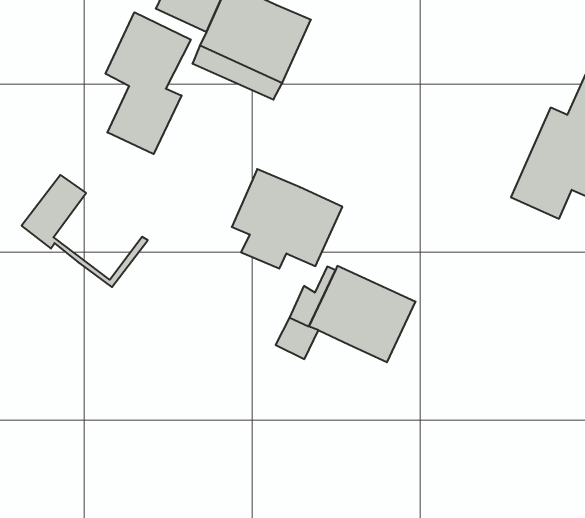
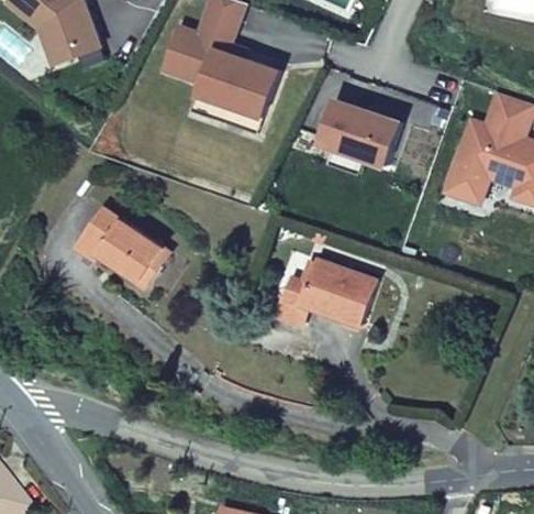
building: [106,12,191,154] -> none
building: [232,169,342,269] -> [319,98,402,173]
building: none -> [97,218,165,283]

